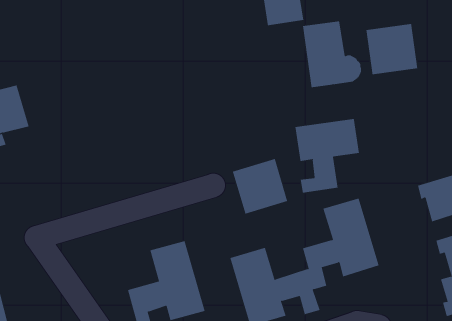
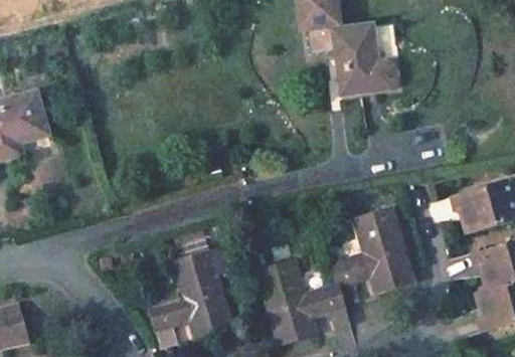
building: [366,23,418,75] -> none
building: [295,118,360,194] -> none
building: [232,158,288,214] -> none

